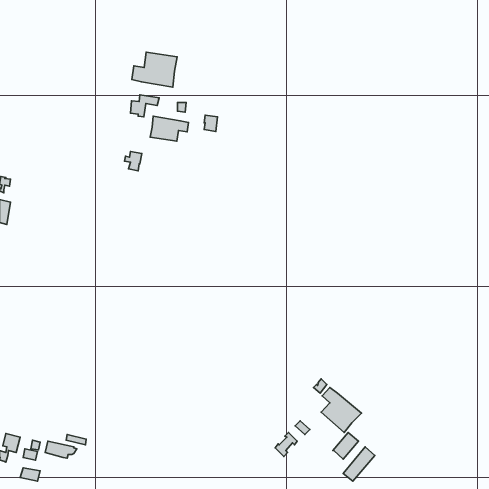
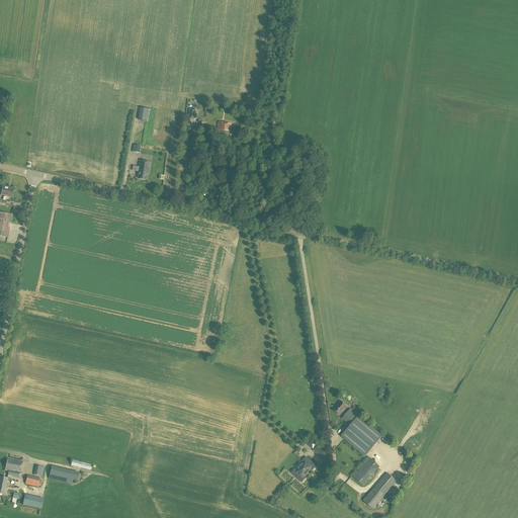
building: [132,52,177,87] -> none
building: [150,116,189,141] -> none

